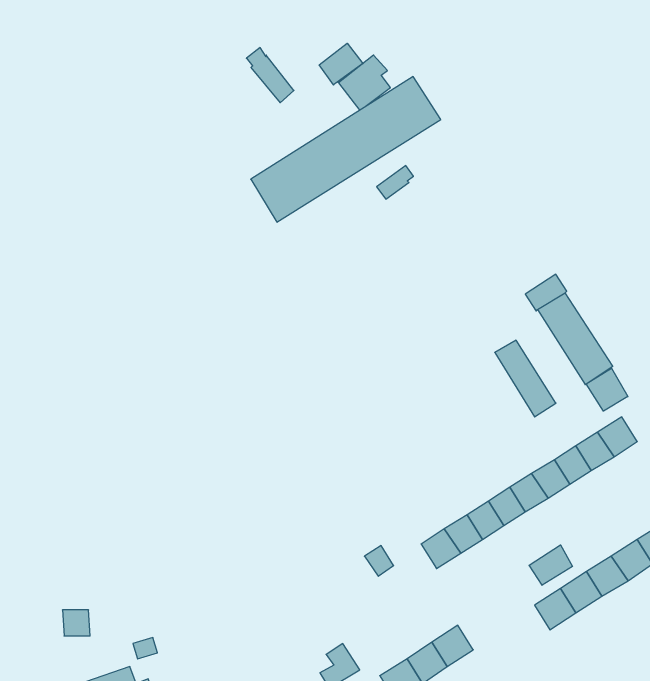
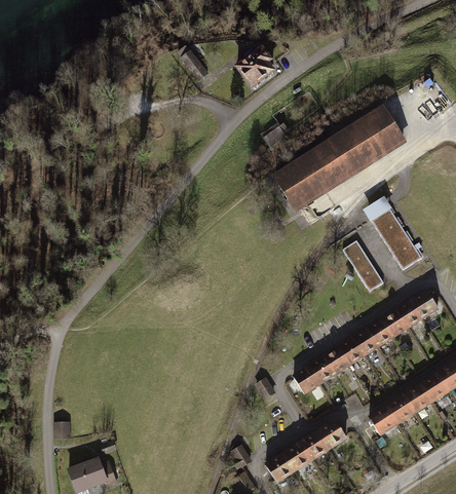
building: [319,43,363,85] -> none
building: [251,77,441,222] -> [276,110,404,207]
building: [586,368,628,411] -> none
building: [529,545,572,585] -> none
building: none -> [318,420,347,448]

